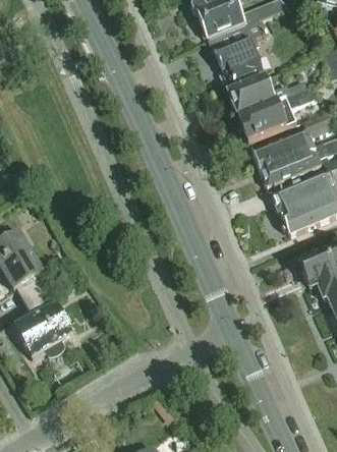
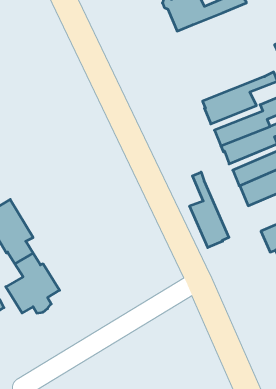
building: [214,18,266,84] -> none
building: [227,78,306,117] -> none
building: none -> [190,172,229,248]

